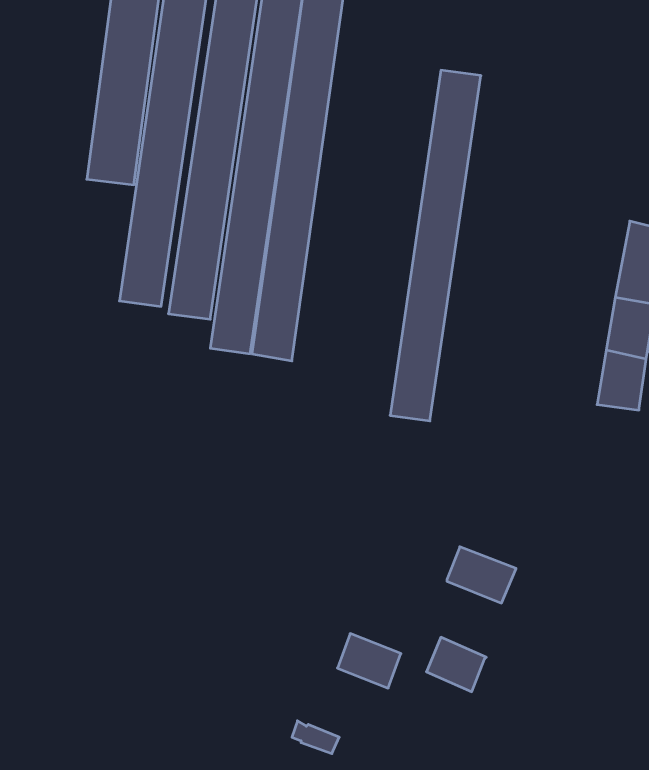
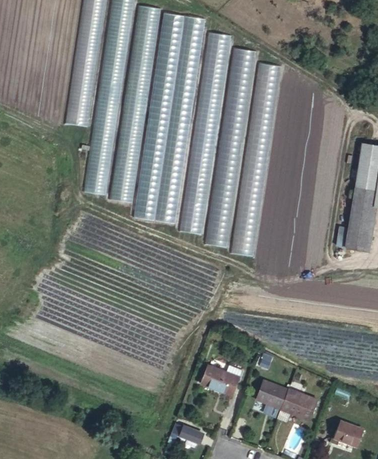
building: none -> [180,32,231,233]
building: none -> [206,47,257,247]
building: [447,547,516,603] -> [277,387,315,418]
building: none -> [334,416,366,444]

